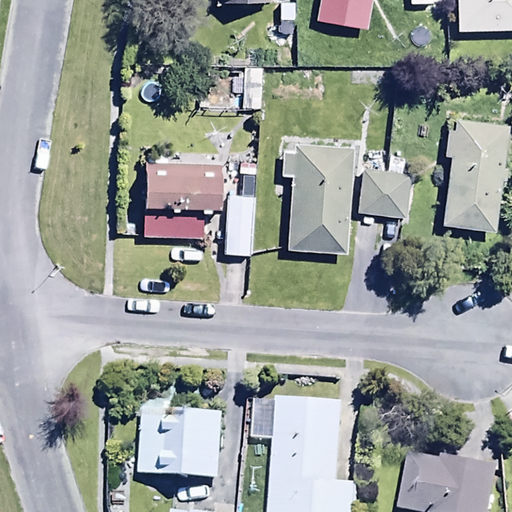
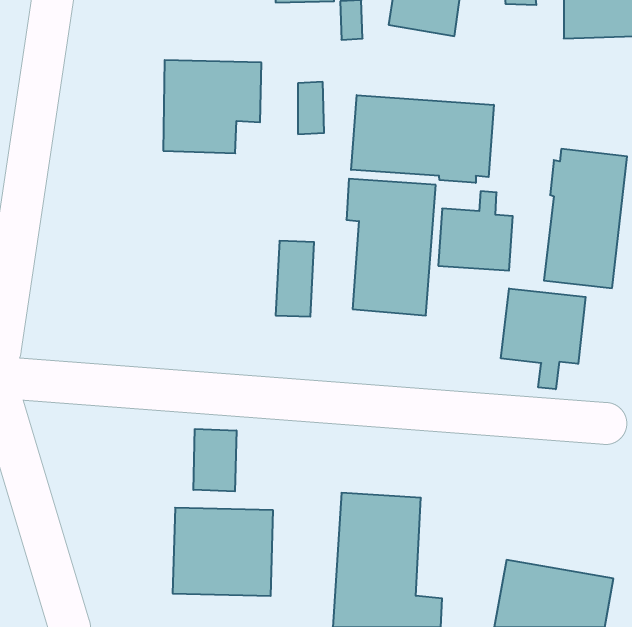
building: none -> [351,95,494,183]
building: [143,164,222,239] -> [163,60,261,153]
building: none -> [501,288,586,389]
building: none -> [193,429,236,491]

